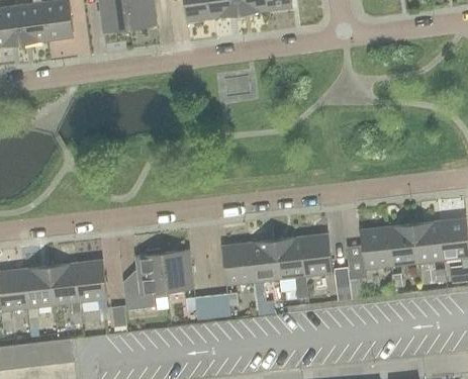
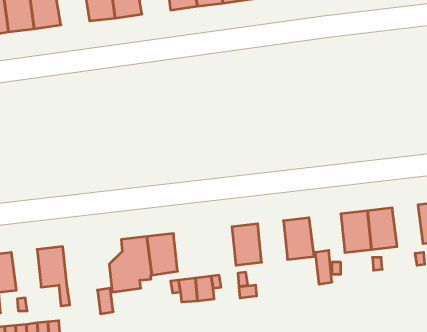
building: [412,220,444,263] -> none
building: [275,236,307,298] -> none
building: [221,243,253,285] -> none
building: [76,260,109,320] -> none
building: [23,266,54,307] -> none

